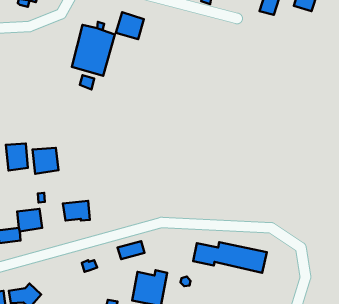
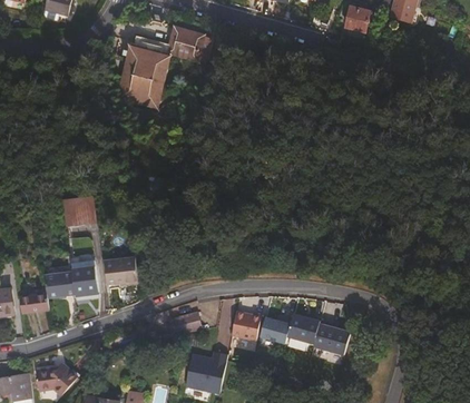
building: [6,143,28,171] -> none
building: none -> [71,263,100,299]
building: none -> [234,305,262,336]

